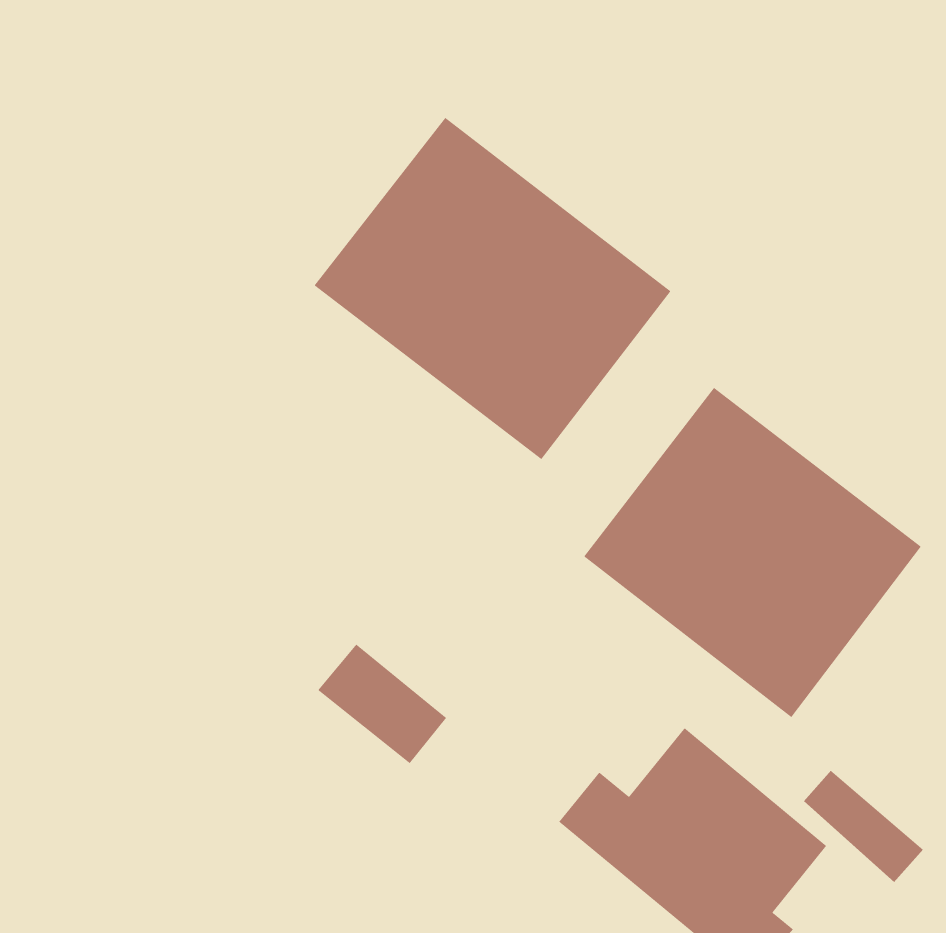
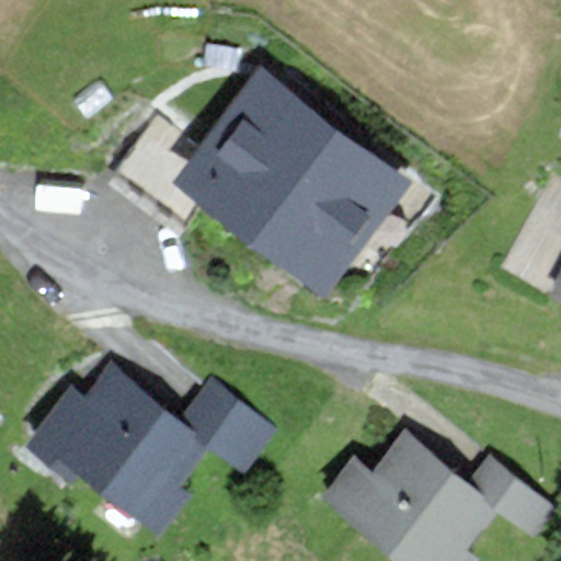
building: [583,387,922,718] -> none
building: none -> [37,370,205,531]

